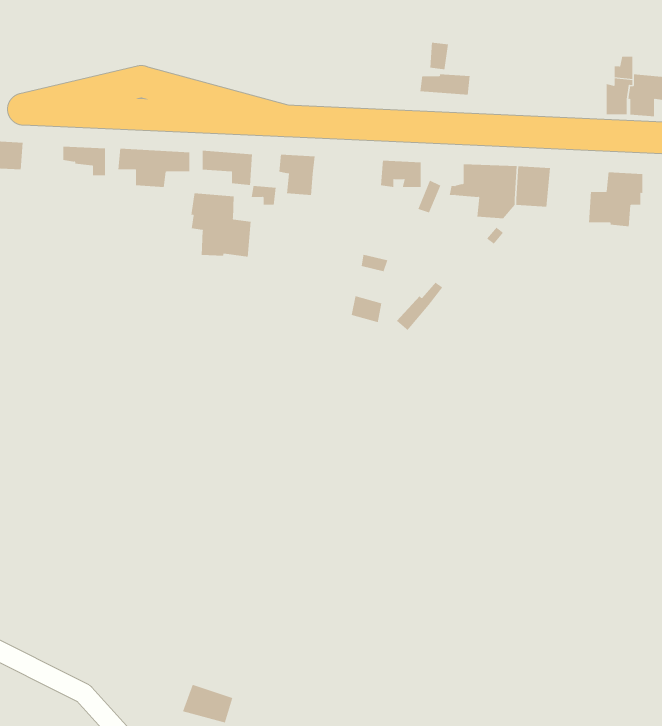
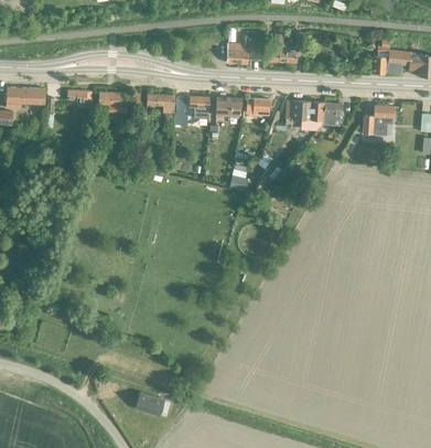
building: none -> [227,35,252,63]
building: none -> [215,96,243,117]
building: [191,193,251,258] -> none

